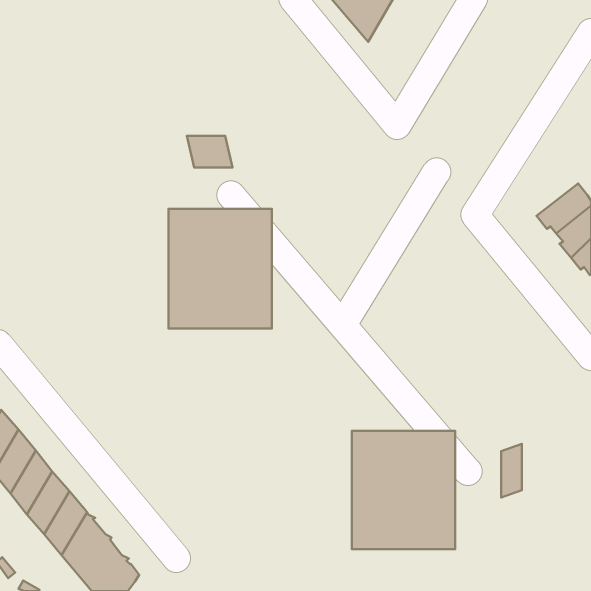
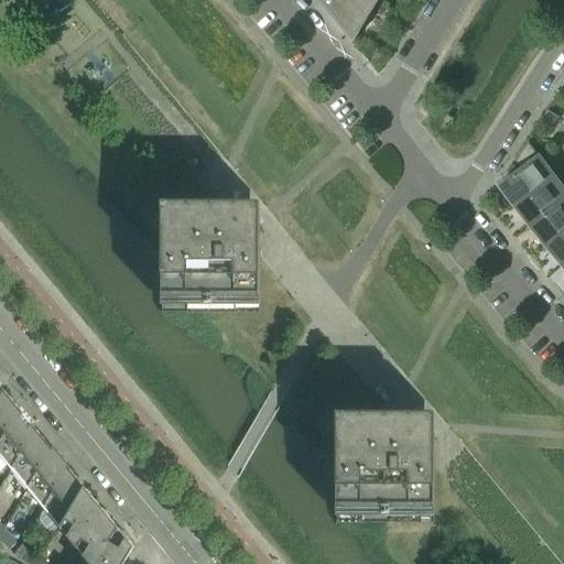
building: [187,136,233,168] -> none
building: none -> [497,139,549,205]
building: [501,444,522,498] -> none

